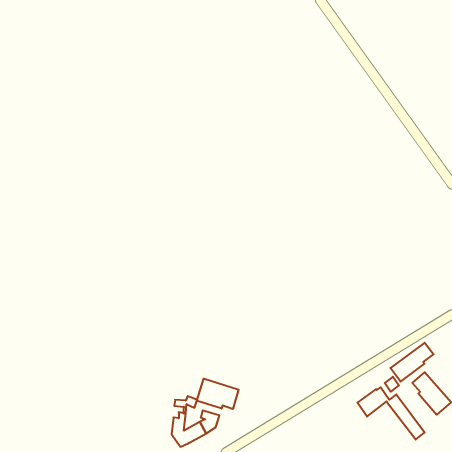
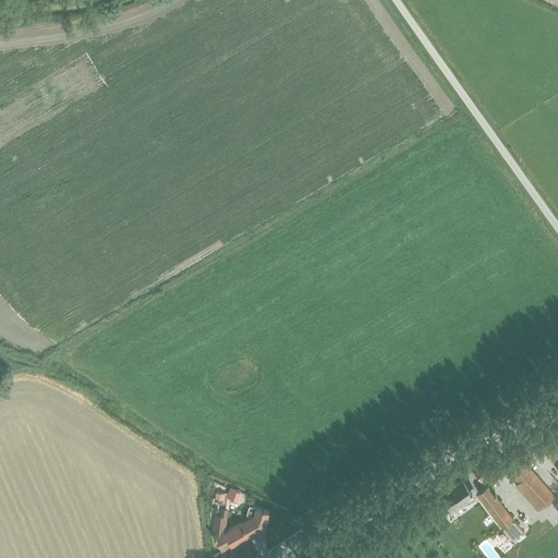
building: [390,343,434,382] -> none
building: [197,379,239,409] -> none

